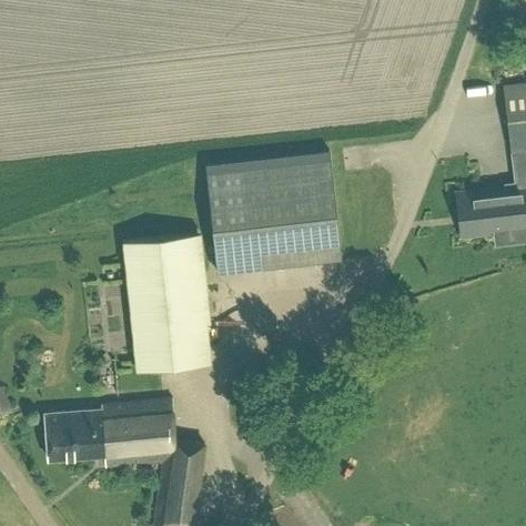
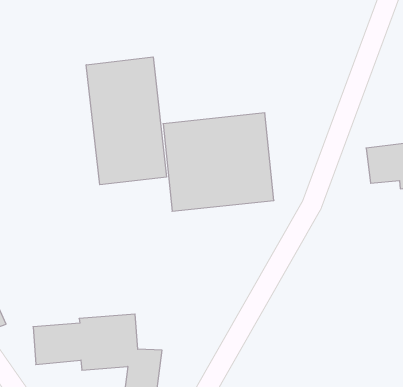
building: none -> [86,57,166,185]
building: [123,234,212,372] -> none

